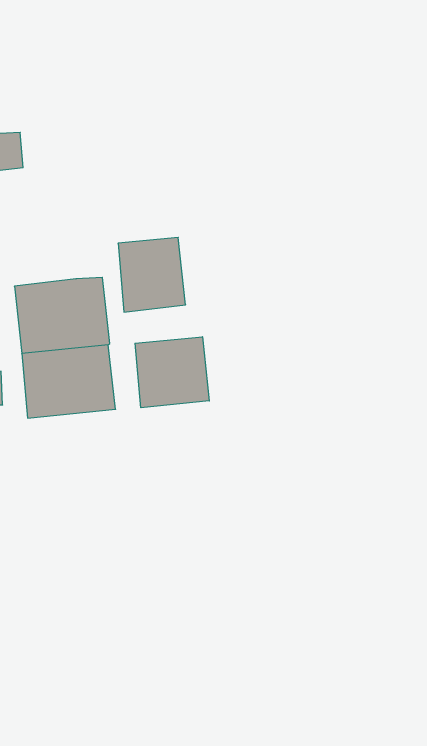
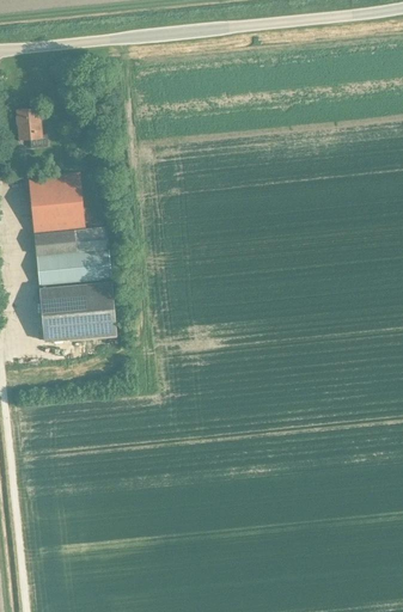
building: [118,237,186,312] -> [29,175,84,235]
building: [135,337,209,408] -> none

